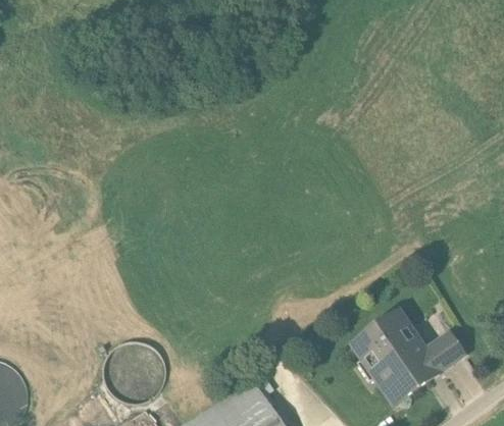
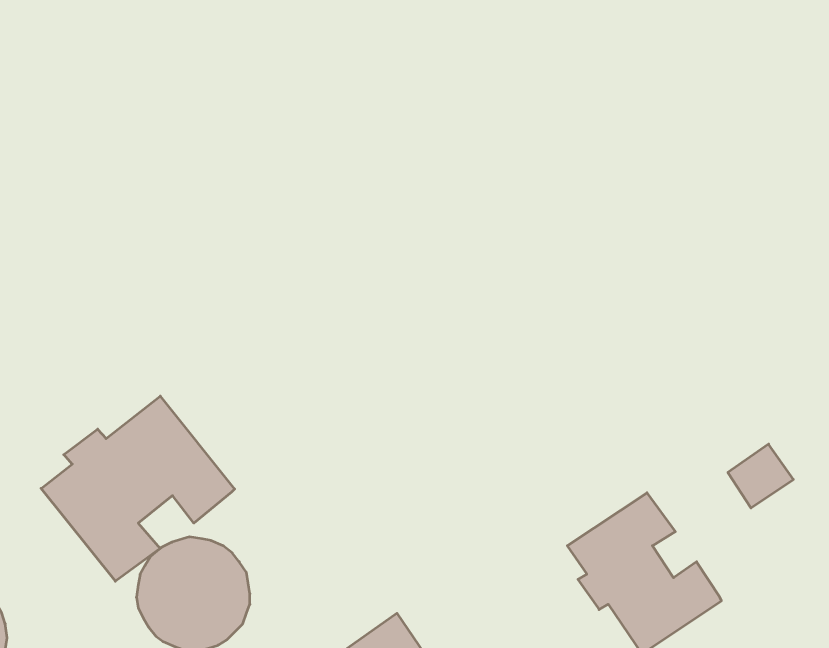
building: none -> [41,396,235,581]
building: [424,334,462,371] -> [728,444,793,508]

